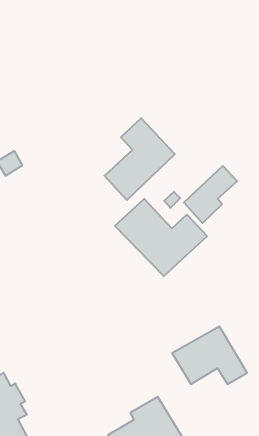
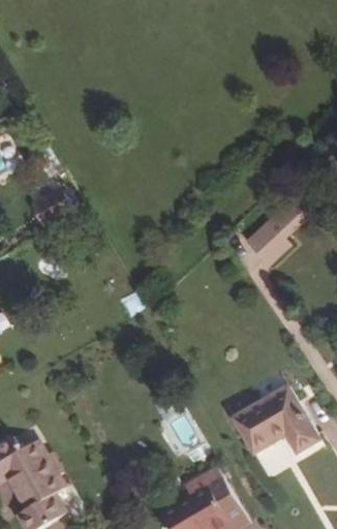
building: [104,118,175,200] -> none
building: [115,199,207,276] -> none

